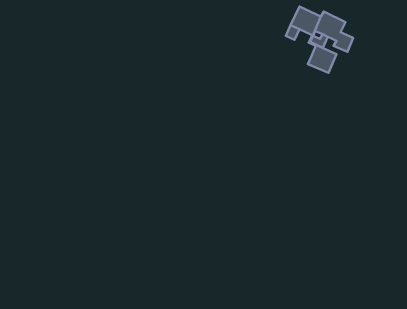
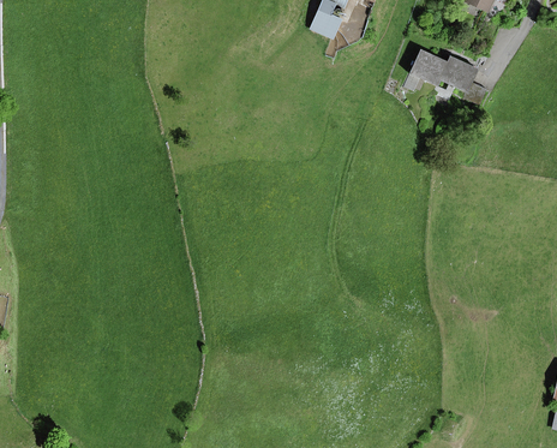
building: [308,42,336,73] -> none

